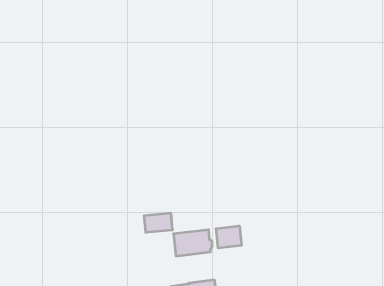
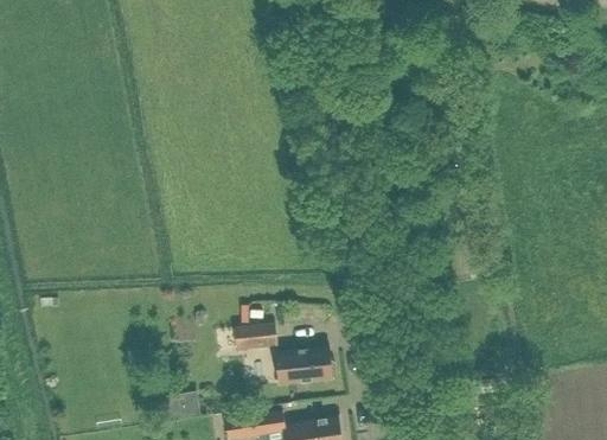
building: [216,226,242,248] -> none

